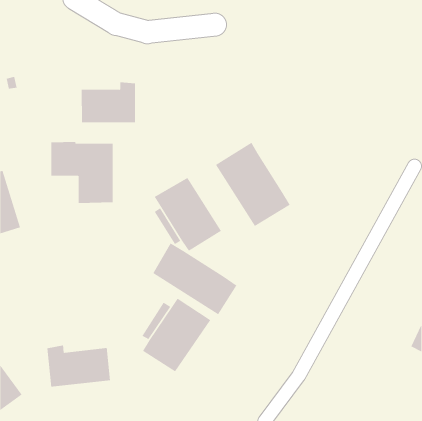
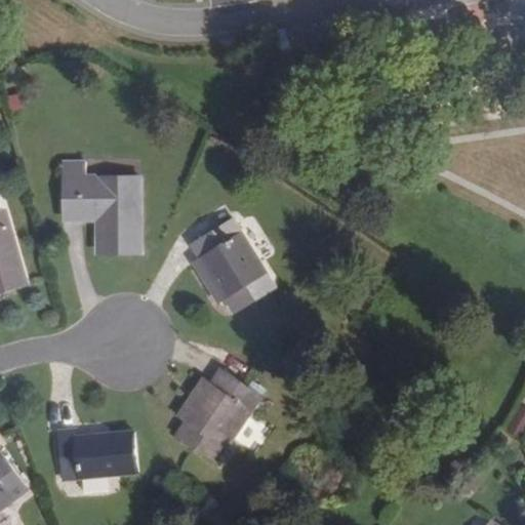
building: [81,81,135,123] -> none
building: [215,142,290,227] -> none
building: [153,242,237,315] -> none

